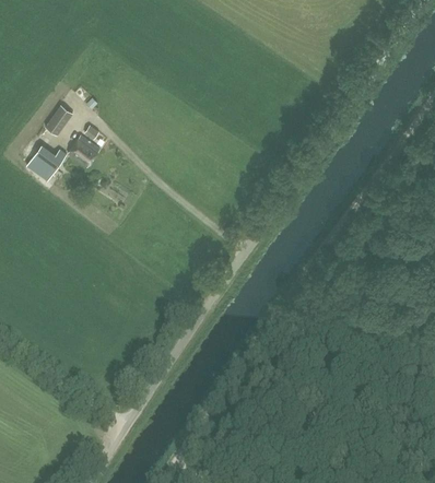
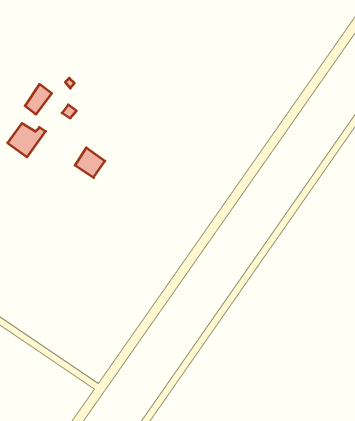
building: [68,134,99,166] -> [75,148,105,178]

